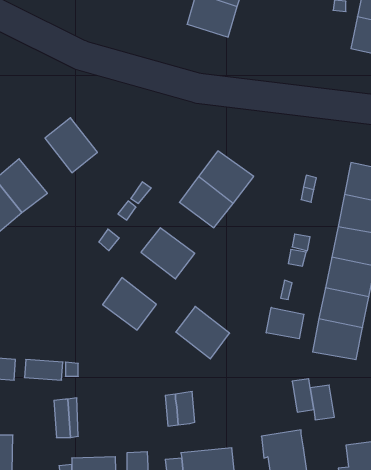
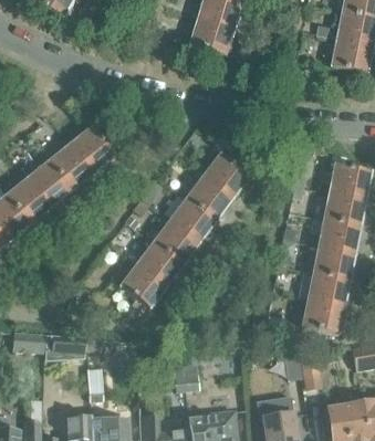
building: none -> [46,143,92,190]
building: none -> [168,198,215,242]
building: [176,306,230,359] -> [135,241,181,286]
building: [266,307,304,339] -> none

